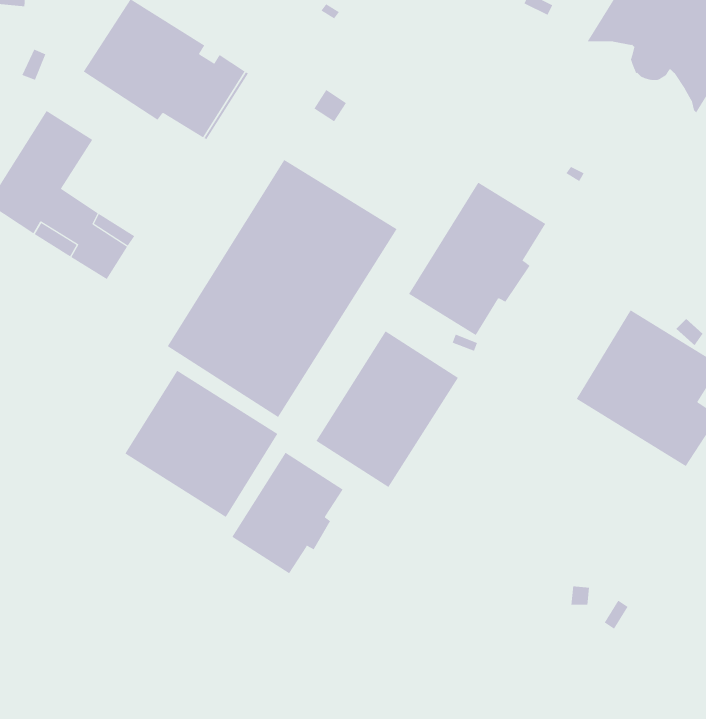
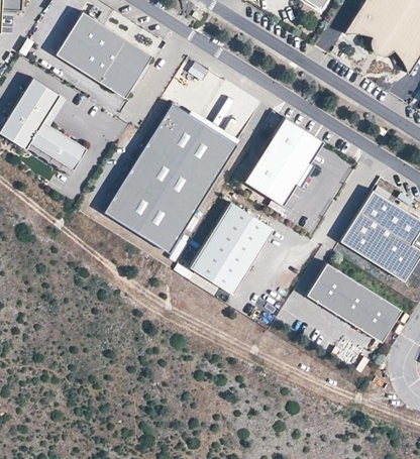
building: [125,370,278,518] -> none
building: none -> [306,263,401,342]
building: [231,452,343,574] -> none

